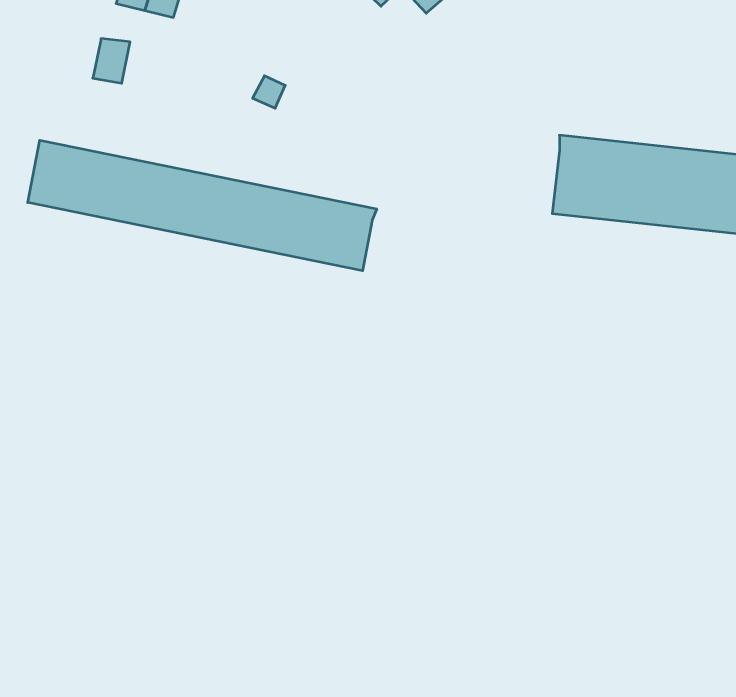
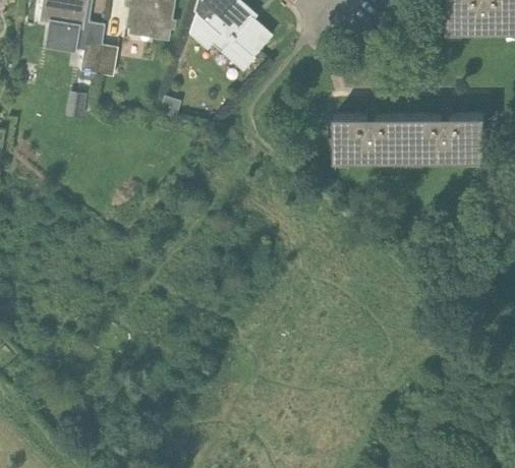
building: [28,140,377,271] -> none

